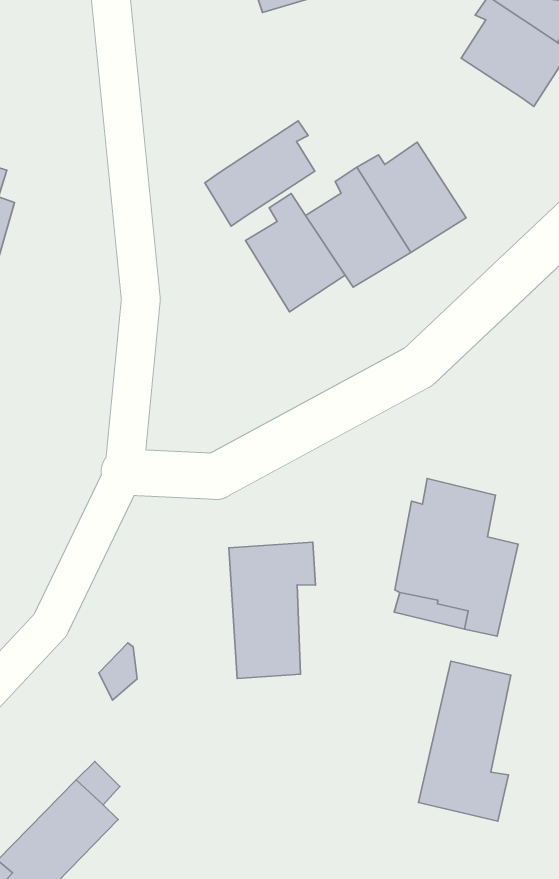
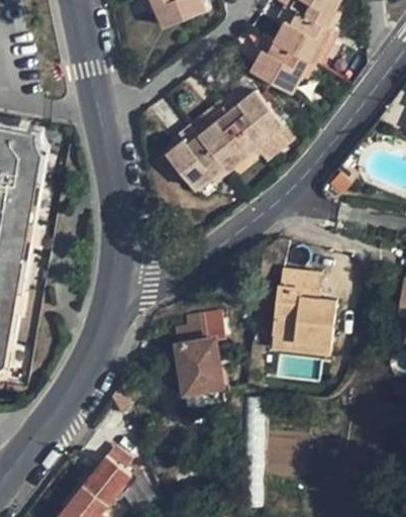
building: none -> [251,35,309,92]
building: [205,121,315,226] -> none
building: [419,661,511,821] -> none

